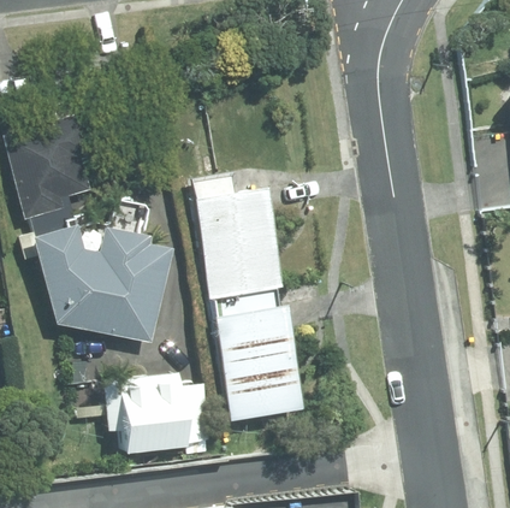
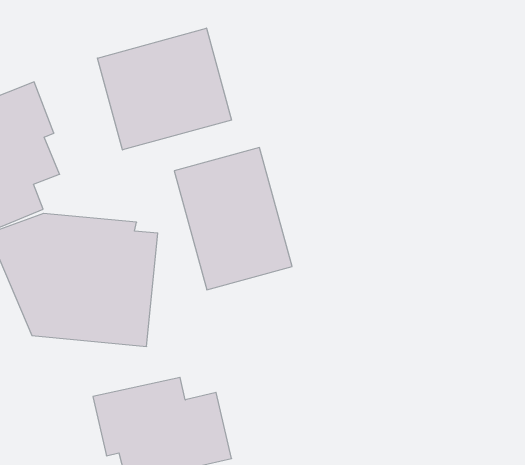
building: none -> [97,28,232,150]
building: [212,302,303,420] -> none

